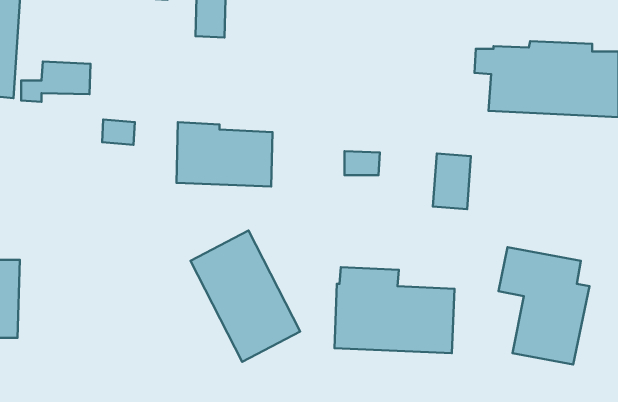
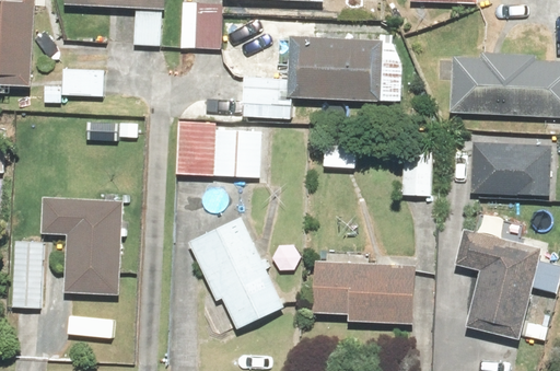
building: none -> [242,35,384,117]
building: none -> [468,141,548,195]
building: none -> [43,198,121,294]

